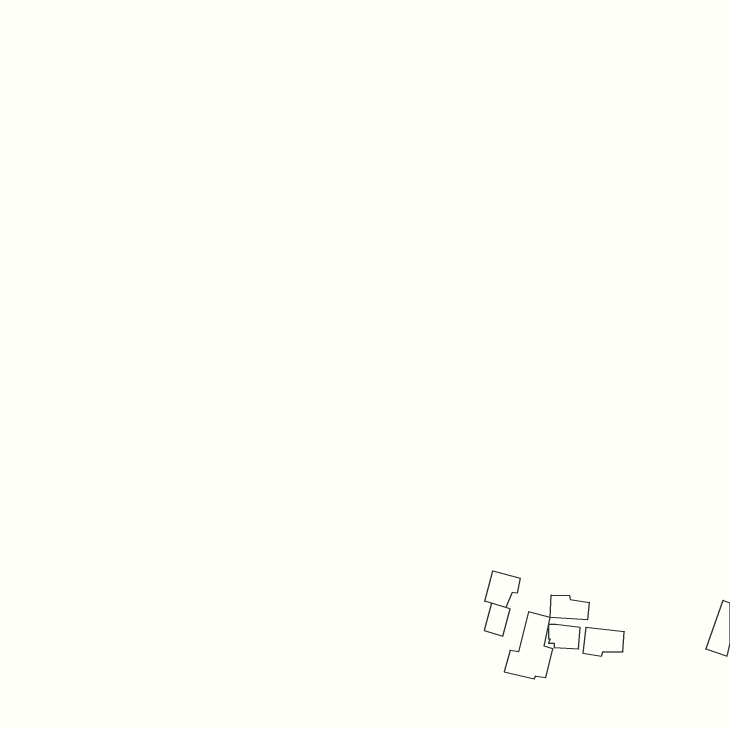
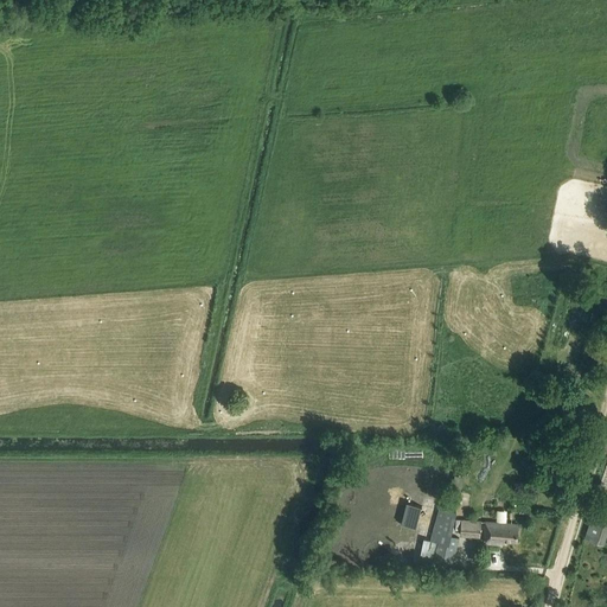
building: [485,571,520,607] -> none
building: [550,595,589,620] -> none

